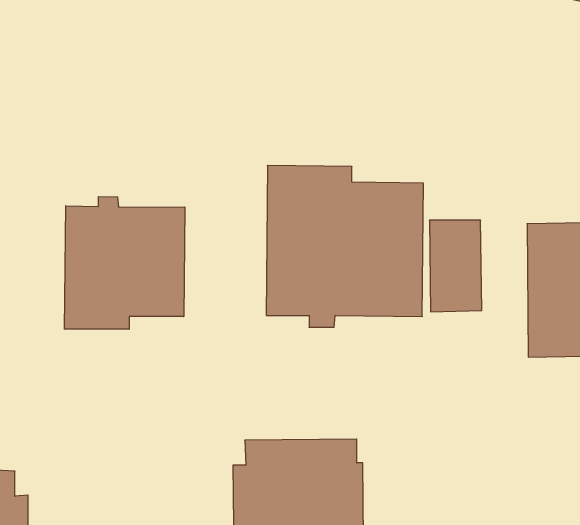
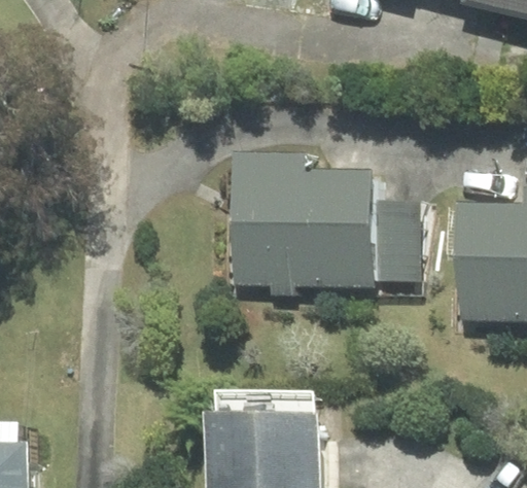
building: [64,197,185,329] -> none

